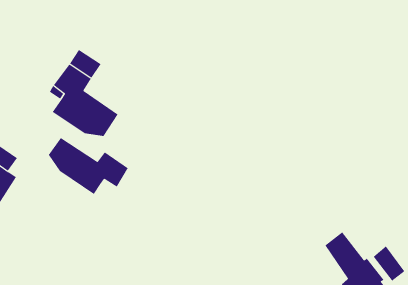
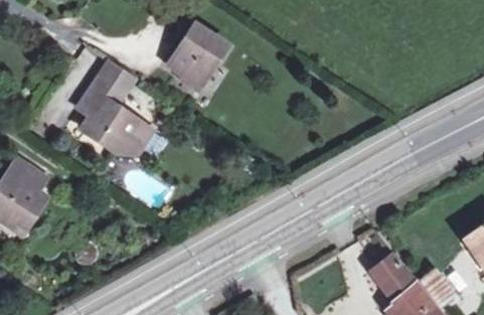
building: none -> [169,23,226,84]
building: [48,137,129,195] -> none

